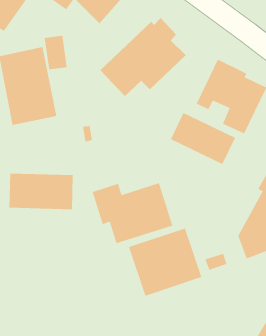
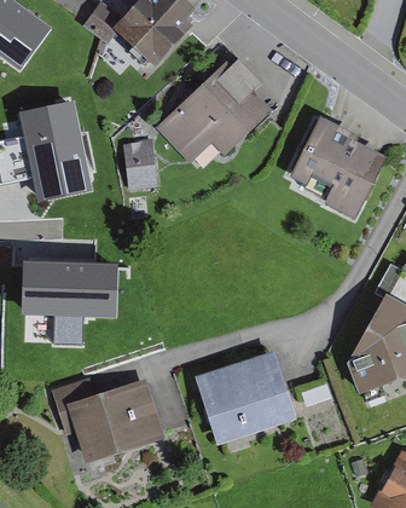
building: [44,35,67,70] -> [122,143,155,191]
building: [170,112,236,165] -> none
building: [92,182,173,244] -> [51,377,164,463]

